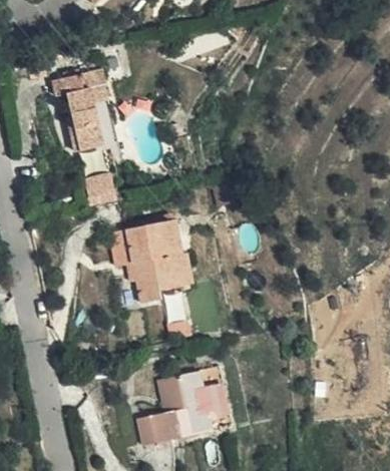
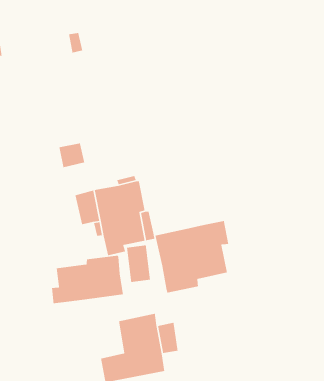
building: [48,69,114,150] -> none
building: none -> [154,220,229,293]
building: none -> [51,255,124,304]

